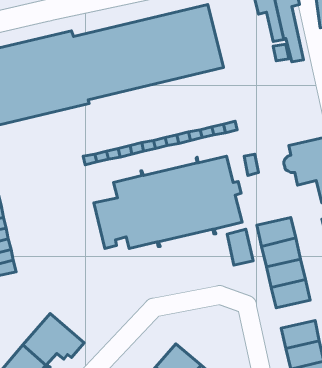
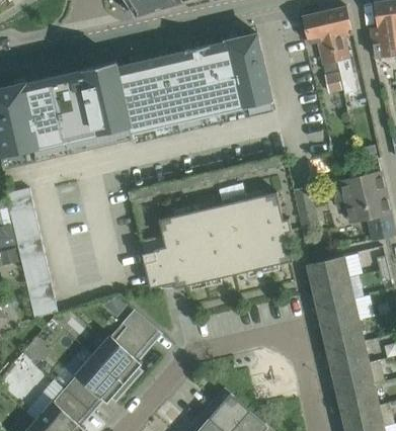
building: [227,229,253,265] -> none
building: none -> [92,309,161,385]
building: none -> [327,341,368,370]

